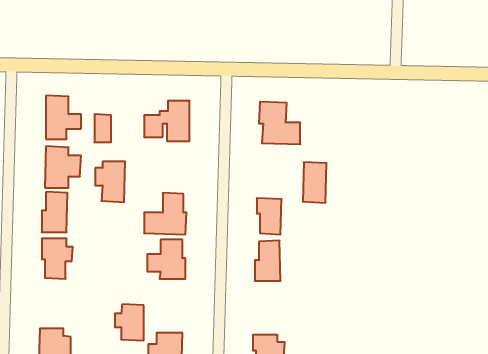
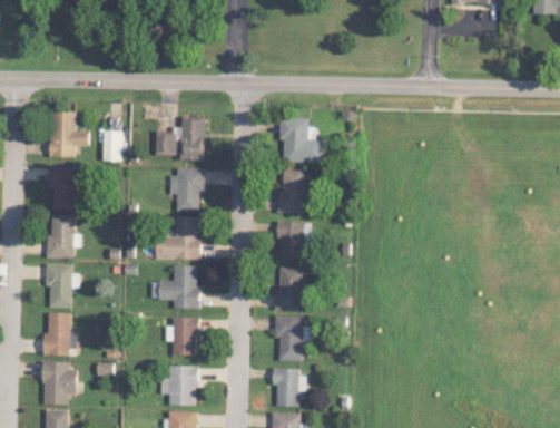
building: [95,162,125,202] -> [169,168,202,212]
building: [303,162,327,203] -> [279,169,305,213]
building: none -> [42,312,69,356]
building: none -> [274,315,311,360]
building: [115,304,144,341] -> [166,317,197,356]

